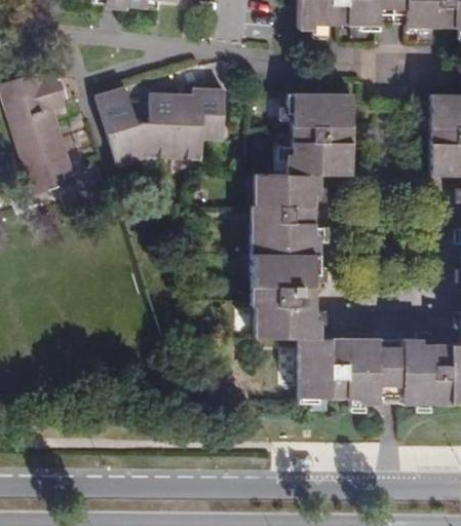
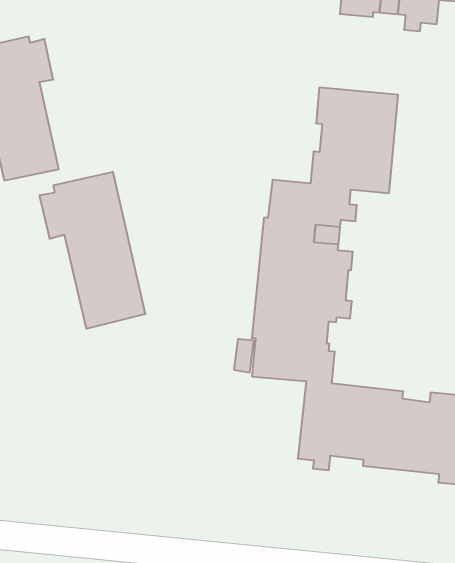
building: [95,85,225,165] -> none
building: none -> [39,172,145,329]

